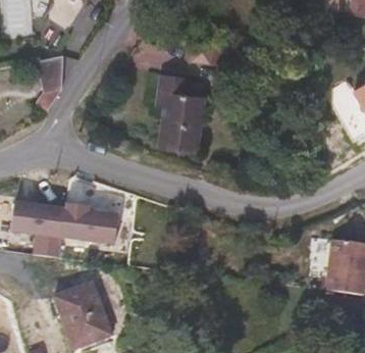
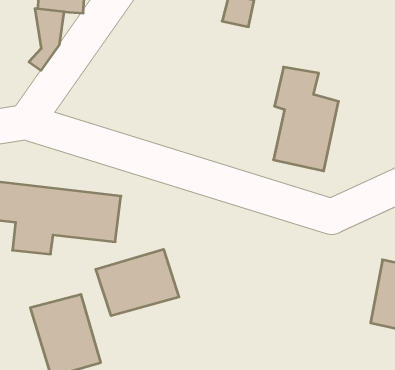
building: [156,73,207,154] -> [273,67,339,171]
building: none -> [96,249,179,316]

